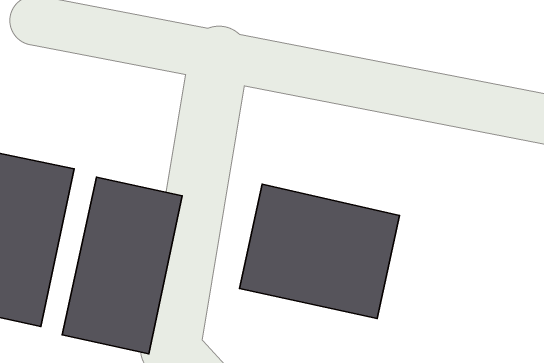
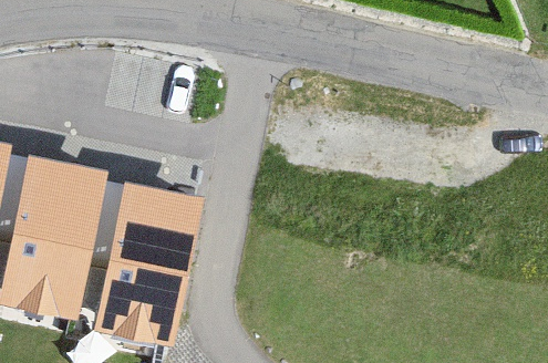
building: [240,184,400,319] -> none

